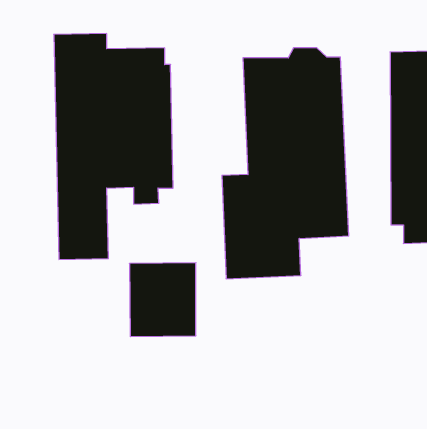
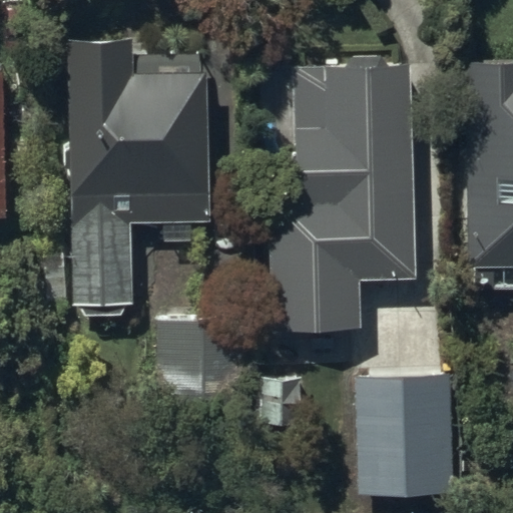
building: none -> [356,369,453,497]

